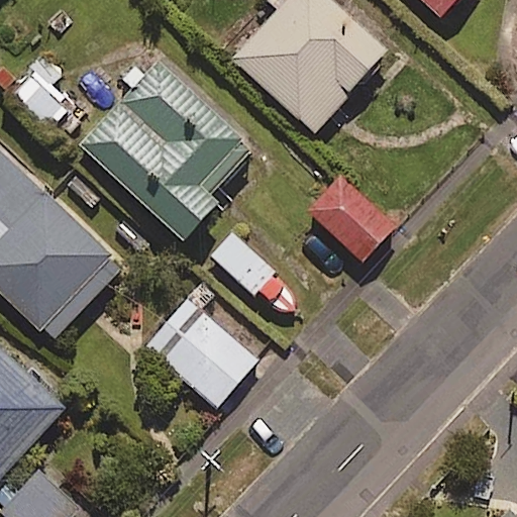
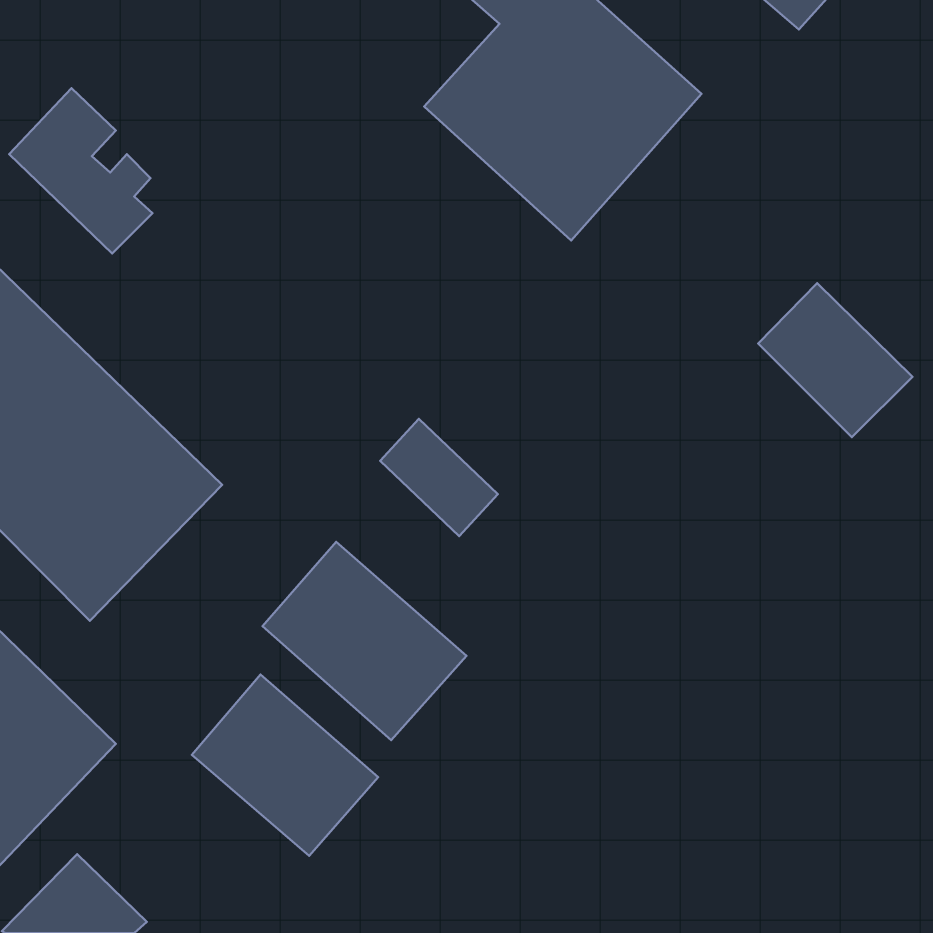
building: [81,60,253,242] -> none
building: [309,178,394,263] -> [758,283,913,437]
building: none -> [192,674,378,856]

